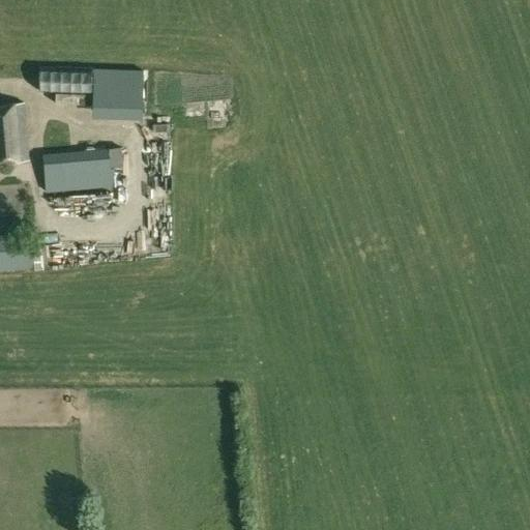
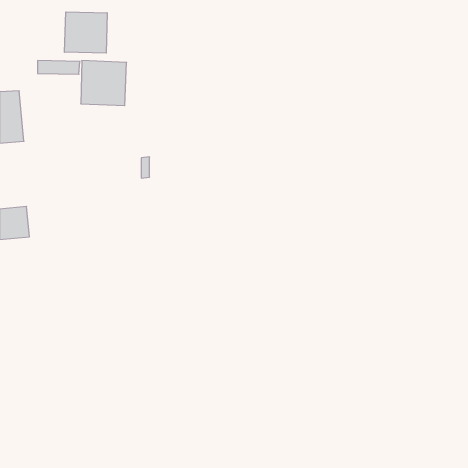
building: none -> [64,12,107,53]
building: [40,148,121,193] -> none

